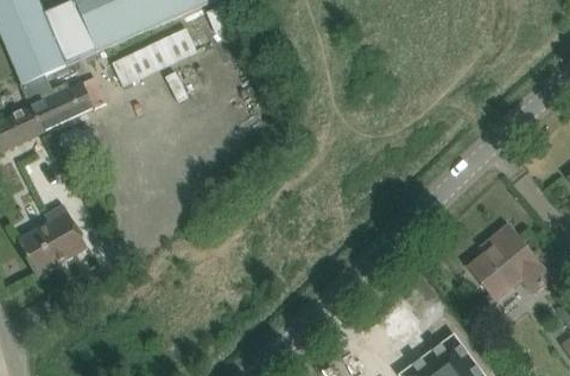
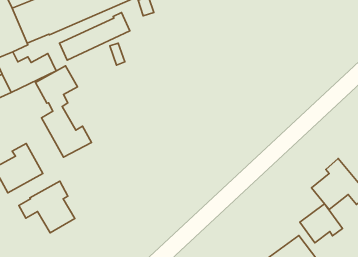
building: none -> [35,66,91,157]
building: none -> [19,181,75,233]
building: none -> [300,204,342,243]

